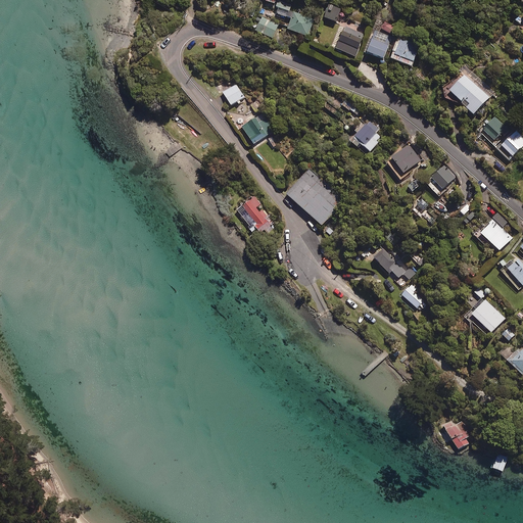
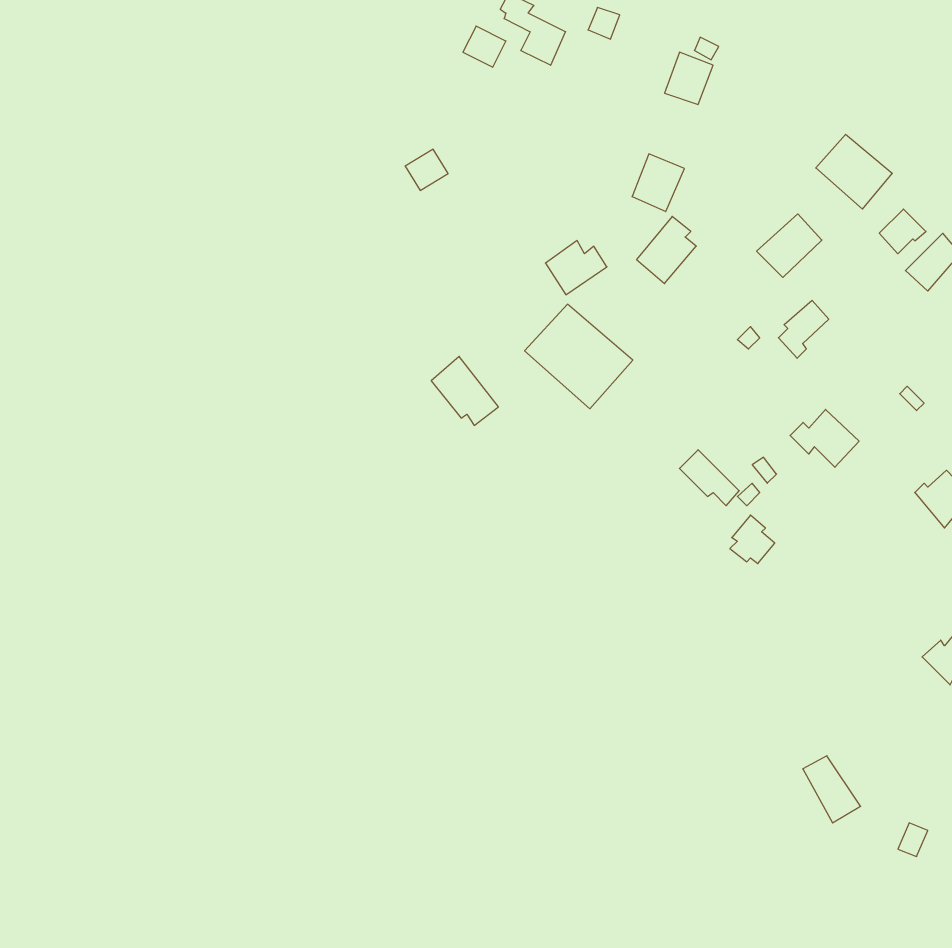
building: [335,25,364,56] -> [632,154,684,212]
building: [390,35,419,65] -> none
building: [242,113,276,143] -> [545,241,607,295]
building: [385,143,421,178] -> [757,214,822,277]
building: [474,219,512,250] -> [790,409,859,467]
building: [464,297,506,334] -> none

